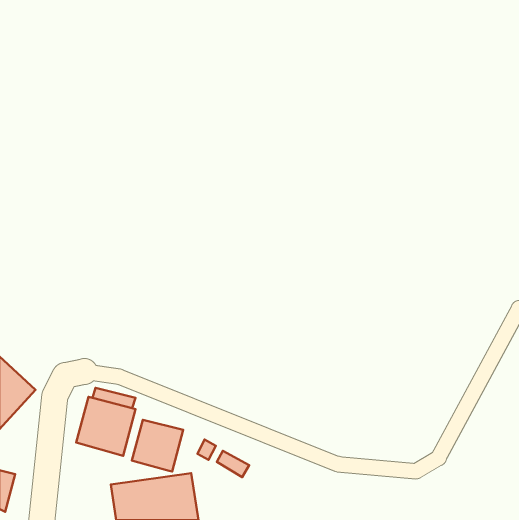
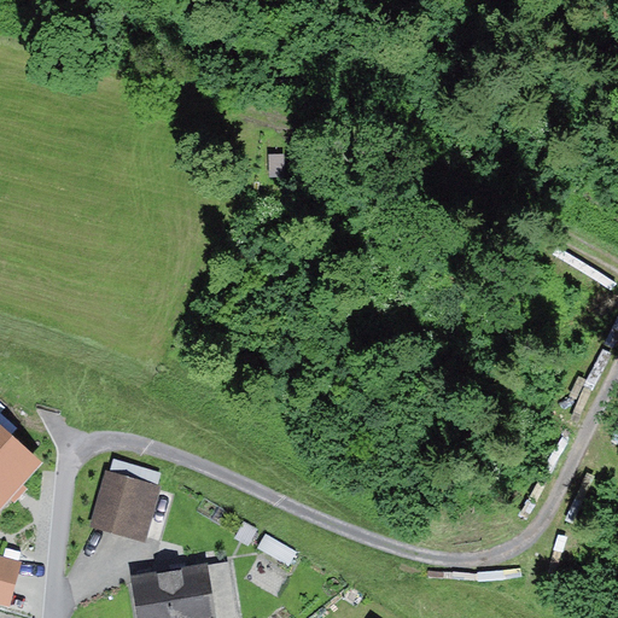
building: [132,420,183,472] -> none

